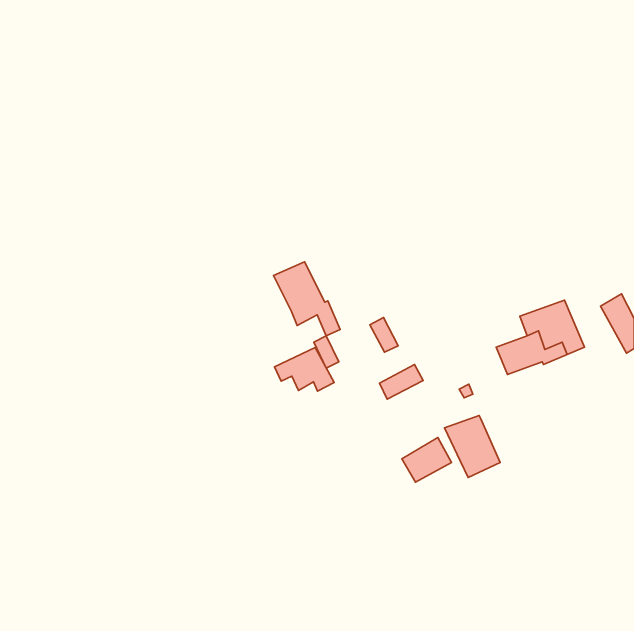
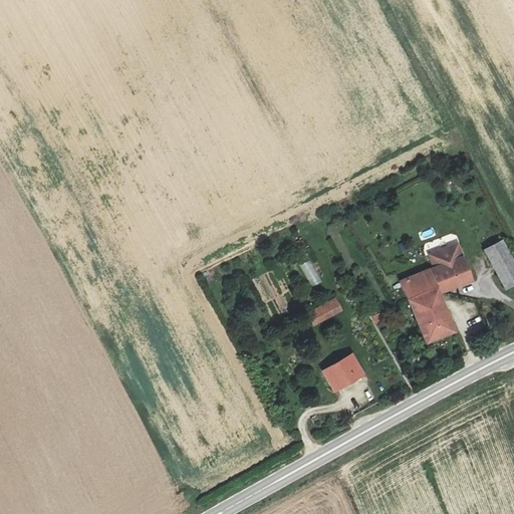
building: [274,262,340,336] -> none
building: [274,348,334,391] -> none
building: [444,416,500,478] -> [411,293,456,343]

